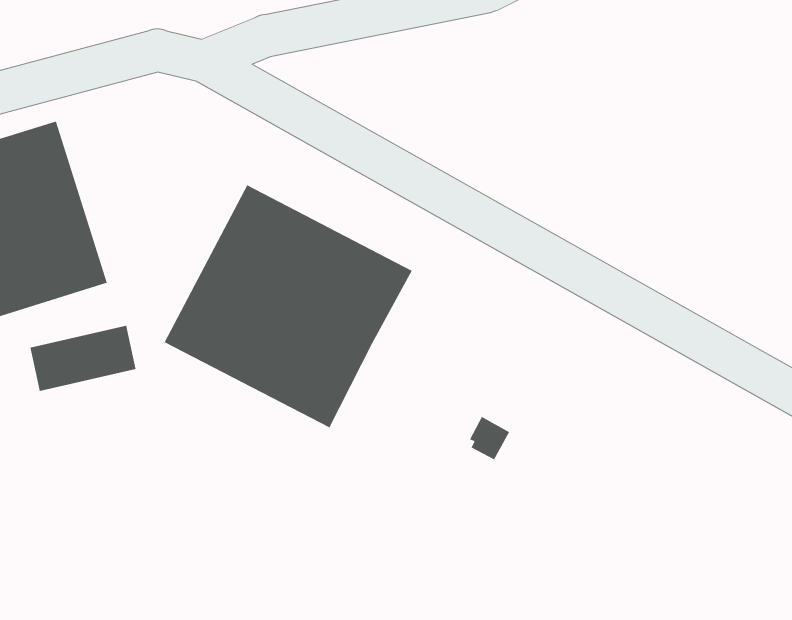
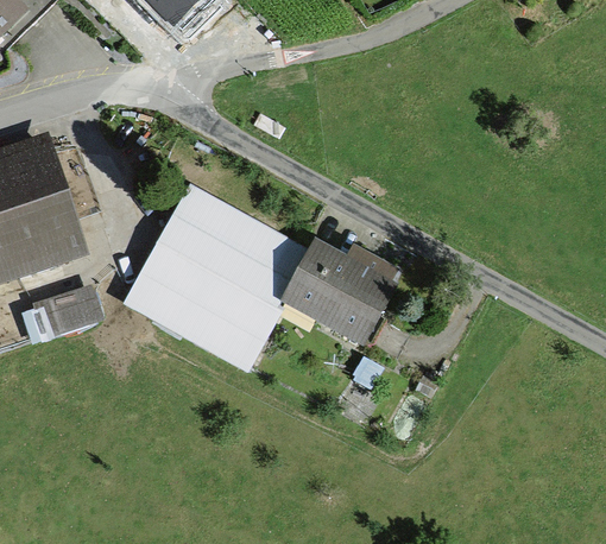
building: none -> [282,238,399,346]

